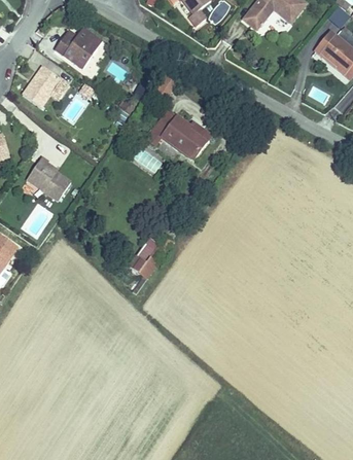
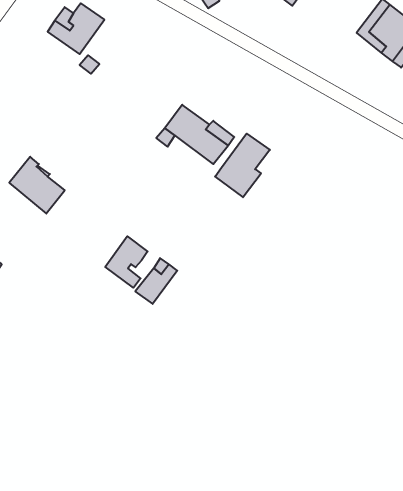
building: [24,66,62,107] -> none
building: none -> [215,134,270,197]
building: none -> [105,236,148,288]

